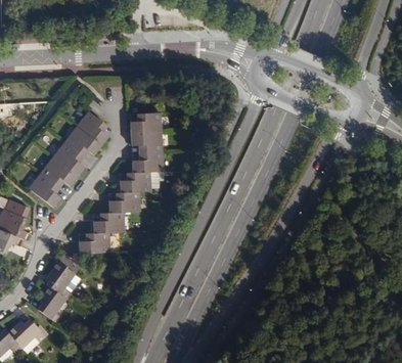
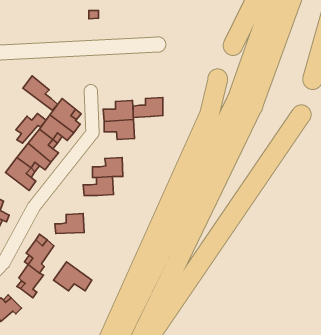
building: none -> [23,76,57,110]
building: none -> [16,113,46,143]
building: [133,150,165,172] -> [133,97,163,117]
building: [93,212,126,232] -> none
building: none -> [54,262,92,291]

